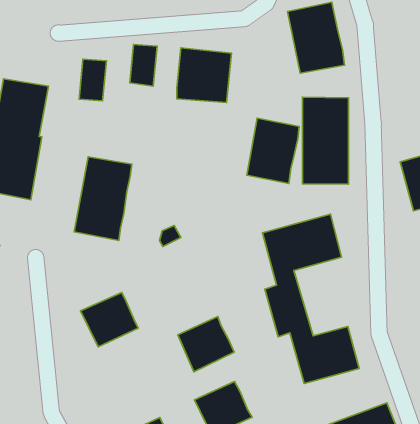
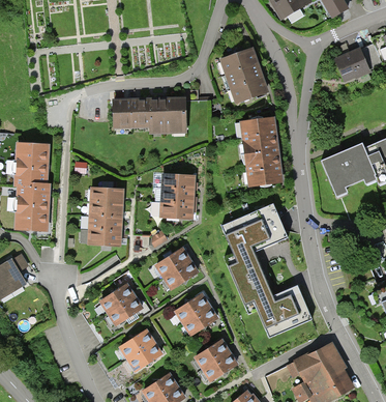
building: [79,59,106,101] -> [128,97,147,128]
building: [247,118,299,184] -> [157,173,191,219]
building: none -> [151,249,195,291]
building: none -> [116,328,159,371]

